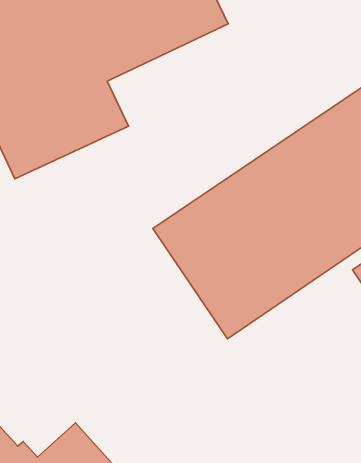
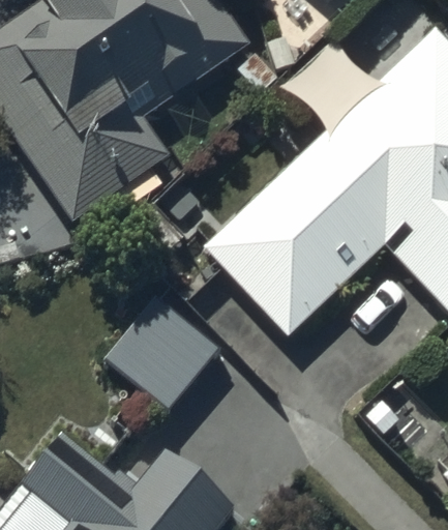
building: none -> [106,300,217,411]

